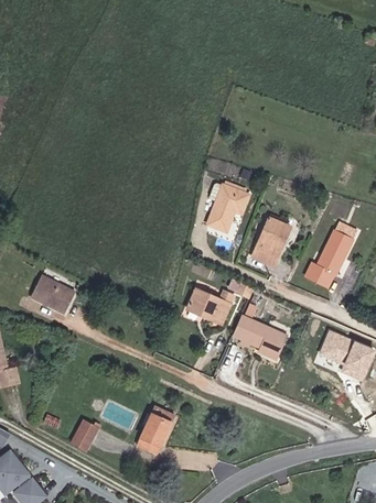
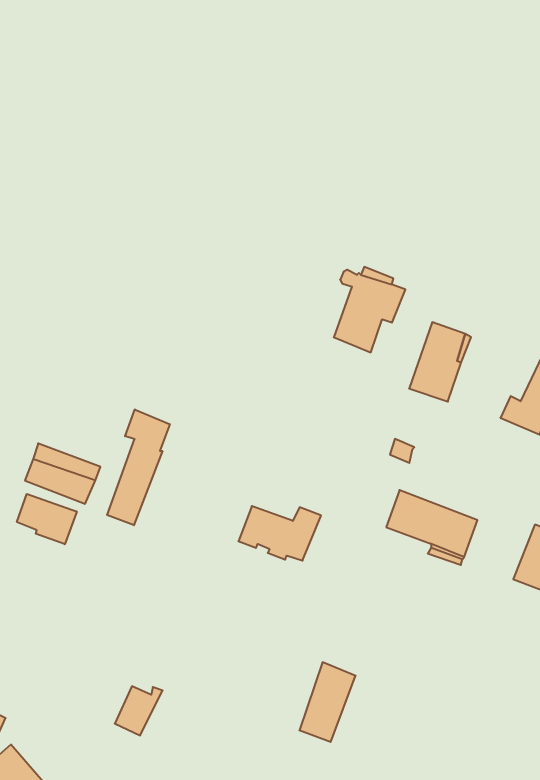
building: none -> [107,409,170,525]
building: [190,289,238,322] -> [238,506,321,561]
building: none -> [17,494,77,544]
building: [139,402,173,448] -> [299,662,356,742]

